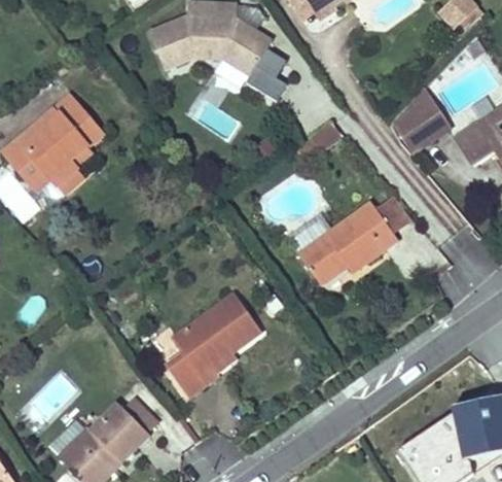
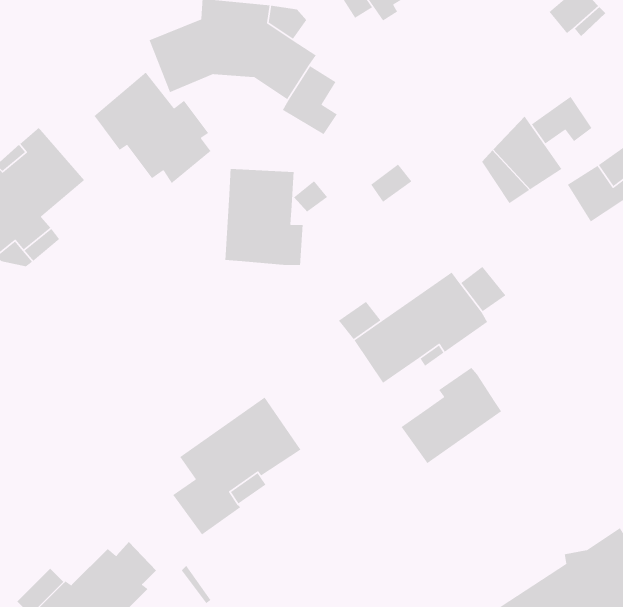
building: none -> [93,72,212,184]
building: none -> [531,96,593,145]
building: none -> [224,168,304,266]
building: none -> [401,367,502,464]

